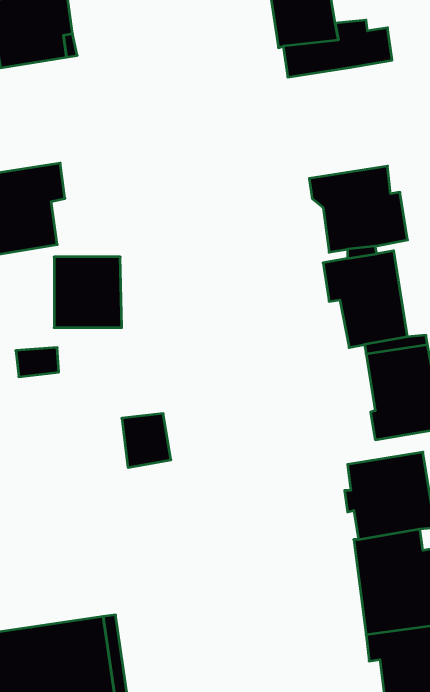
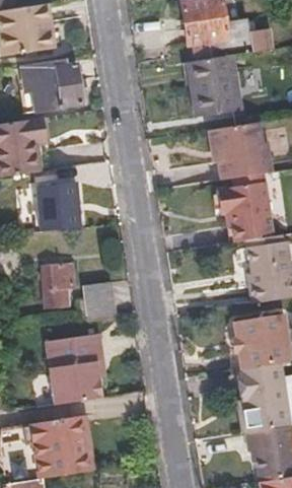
building: none -> [191,55,241,117]
building: none -> [33,59,81,109]
building: none -> [41,264,72,308]
building: none -> [45,337,102,408]

